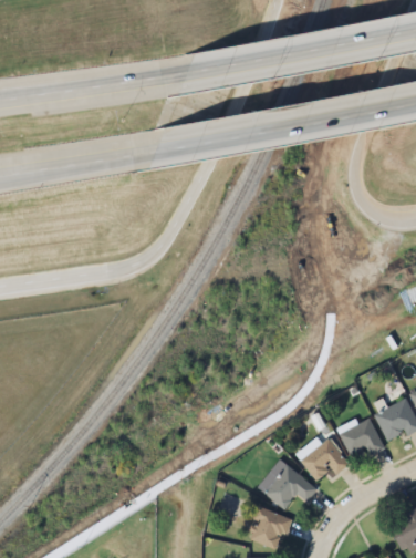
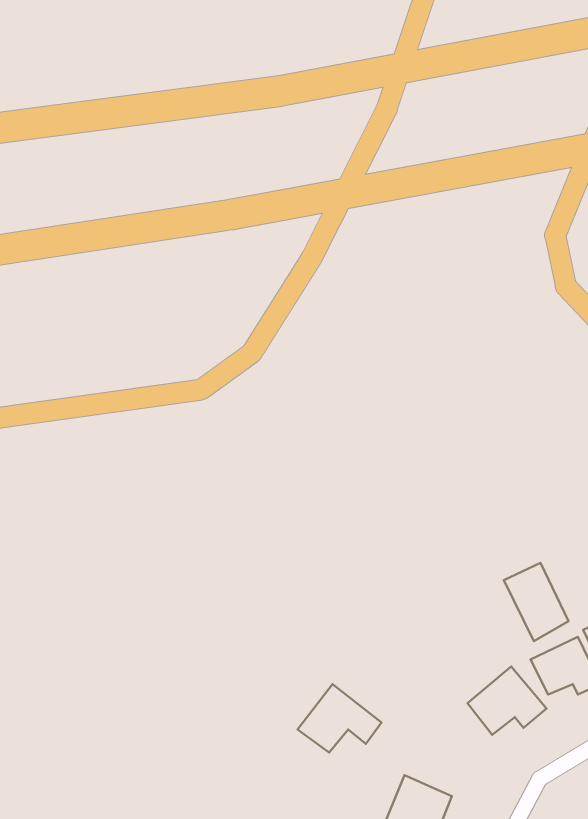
building: none -> [504,563,569,641]
building: [264,464,318,507] -> [297,684,382,752]

